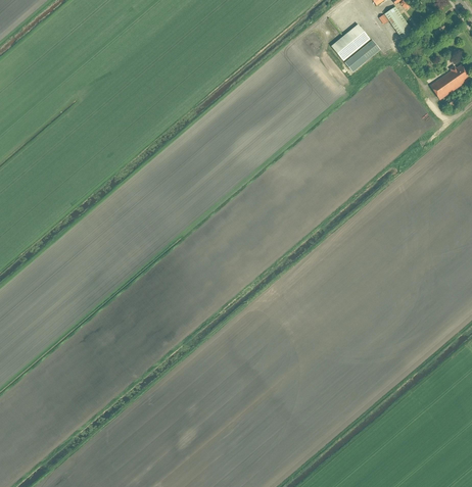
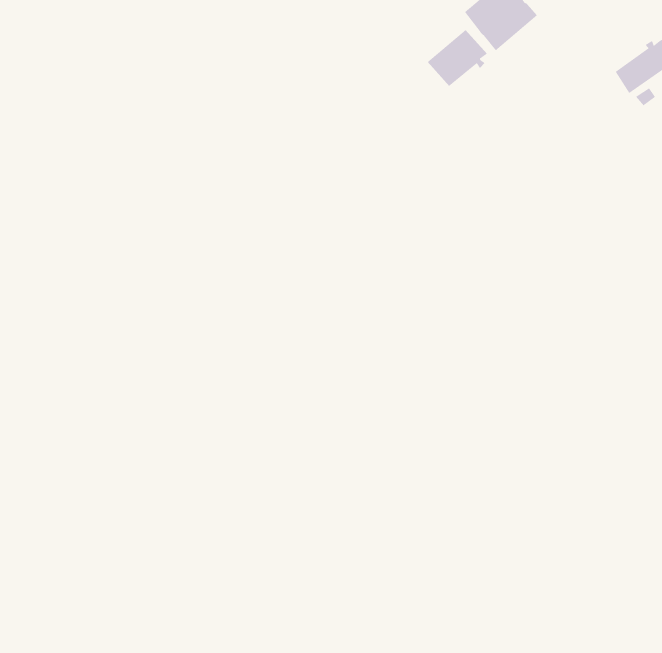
building: none -> [427,29,488,87]

